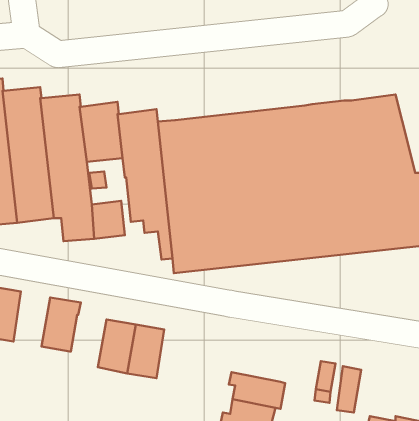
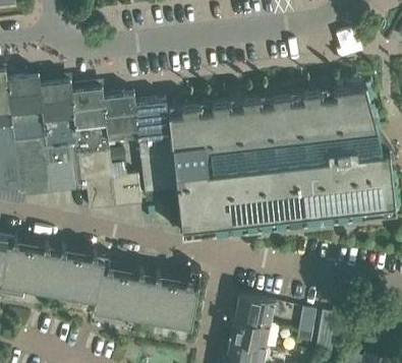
building: none -> [48,250,78,296]
building: none -> [93,269,125,313]
building: none -> [167,269,200,326]
building: none -> [229,296,275,325]

